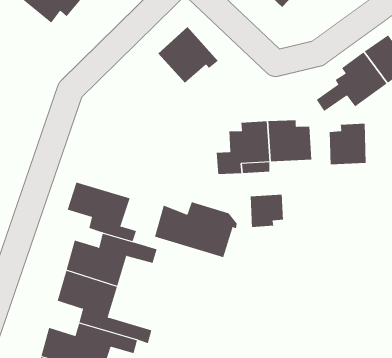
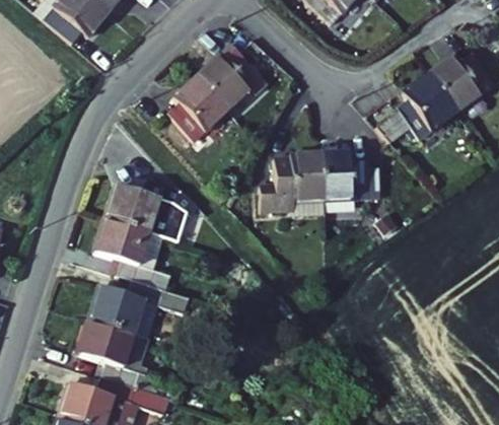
building: none -> [164,76,223,140]
building: [329,123,366,165] -> none
building: [250,194,283,228] -> none
building: [154,201,238,258] -> [101,180,195,242]

